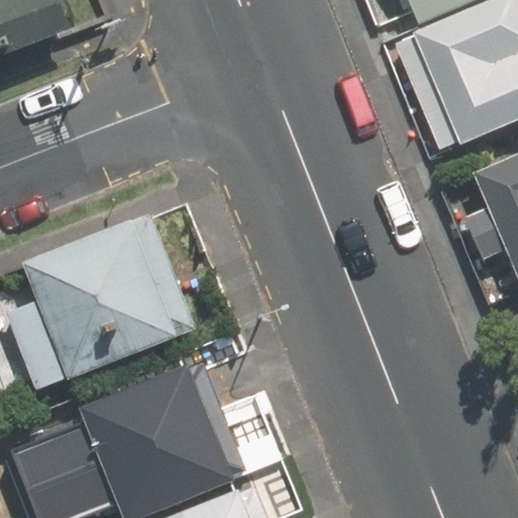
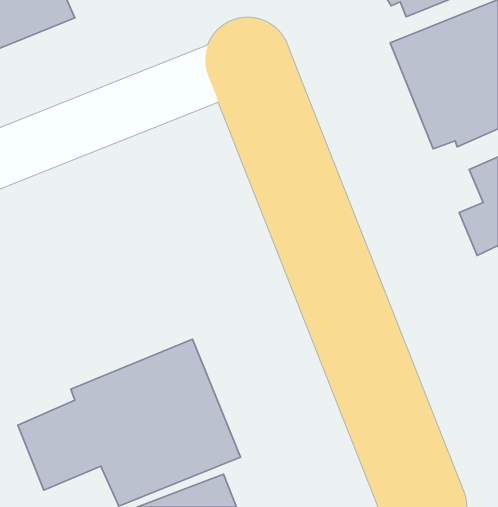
building: [7,214,195,391] -> none

